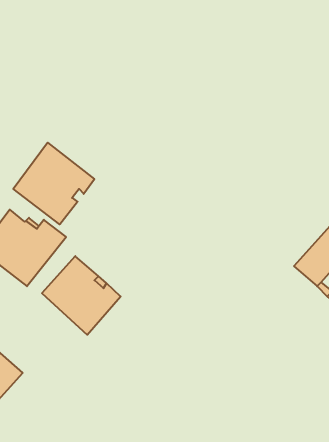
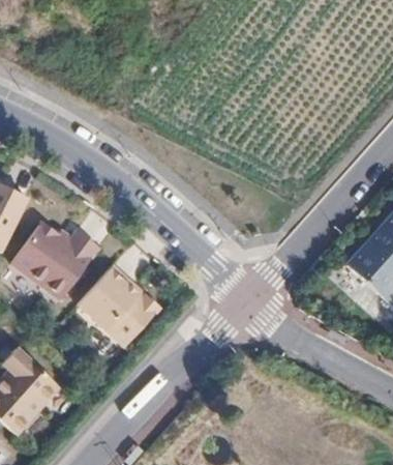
building: [13,143,94,224] -> none

